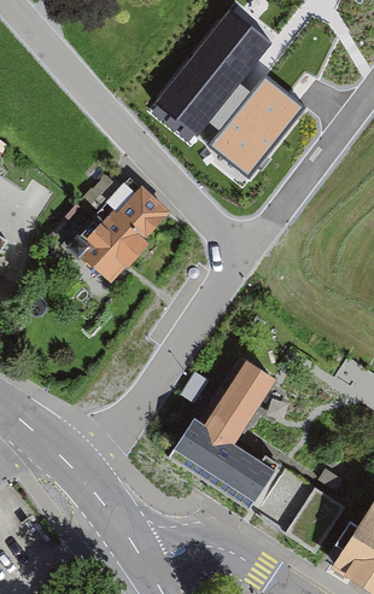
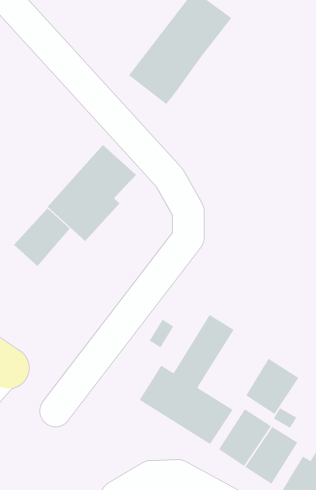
building: [209,76,304,176] -> none
building: none -> [13,207,70,267]
building: none -> [245,358,299,415]

